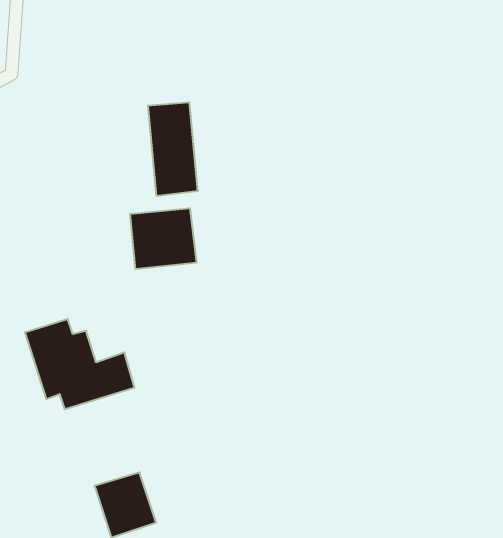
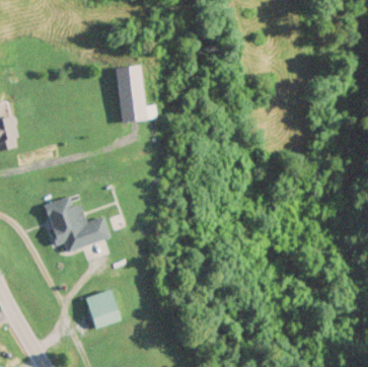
building: [130,208,197,269] -> none

